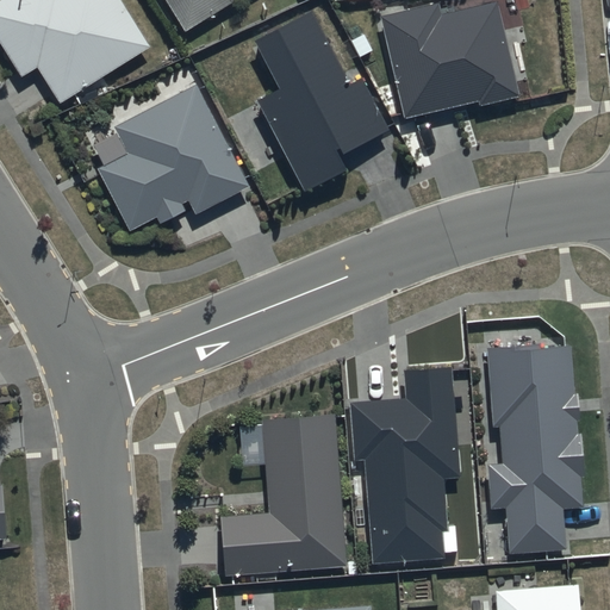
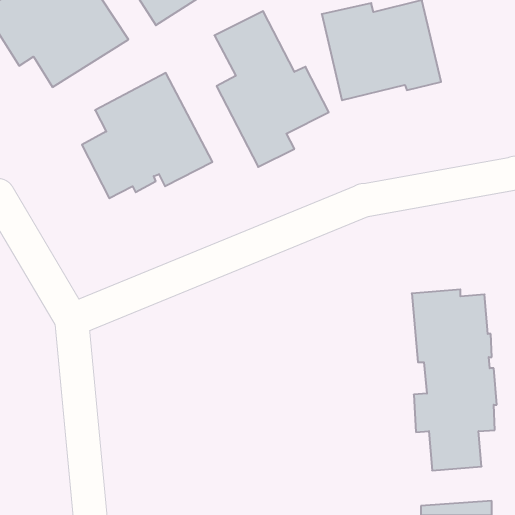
building: [347,365,459,560] -> none
building: [222,413,348,575] -> none

